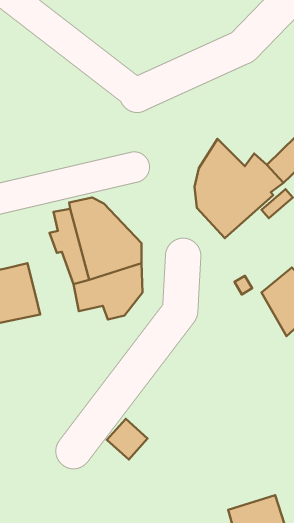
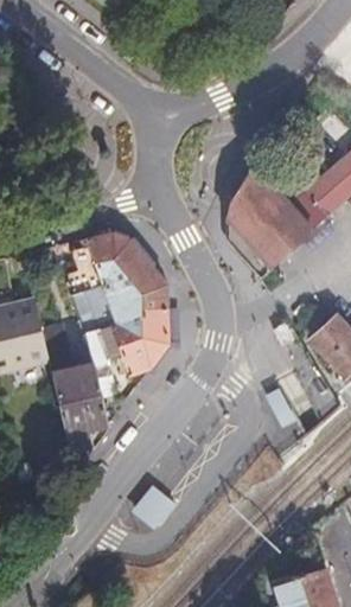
building: none -> [51,349,111,467]

